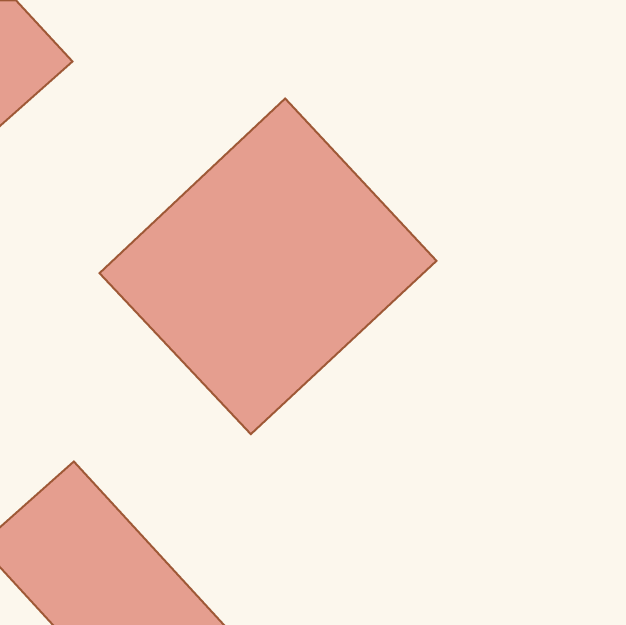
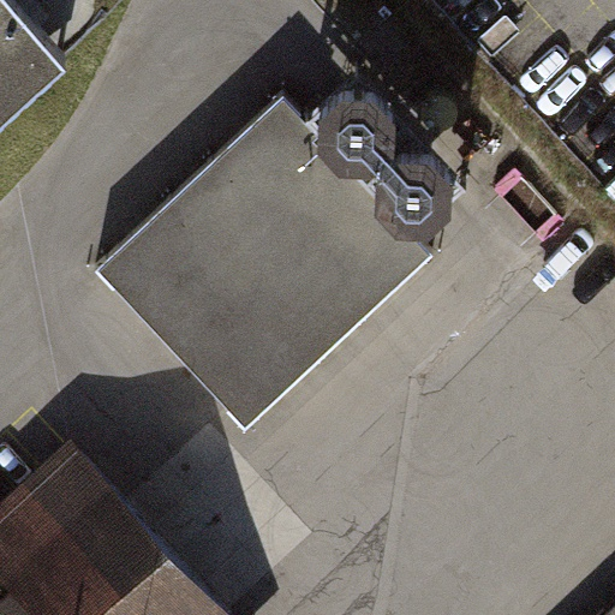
building: none -> [321,90,394,165]
building: none -> [377,153,450,226]

